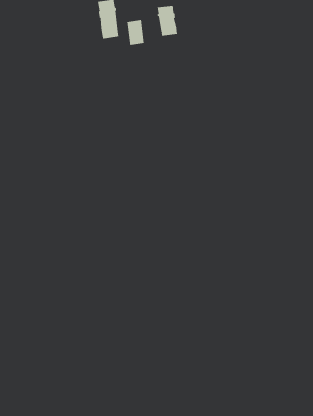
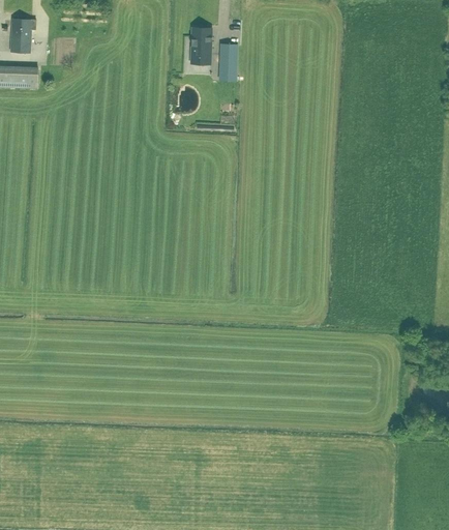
building: [157,5,177,36] -> none

